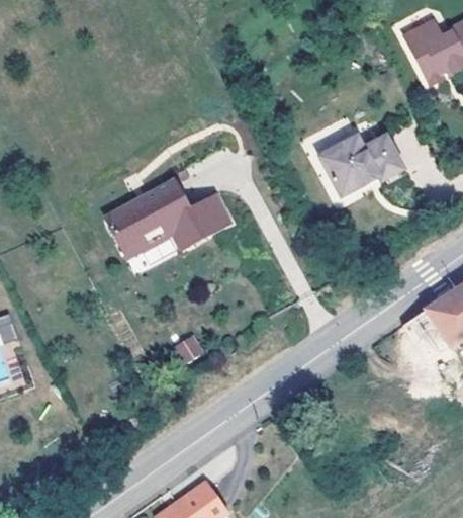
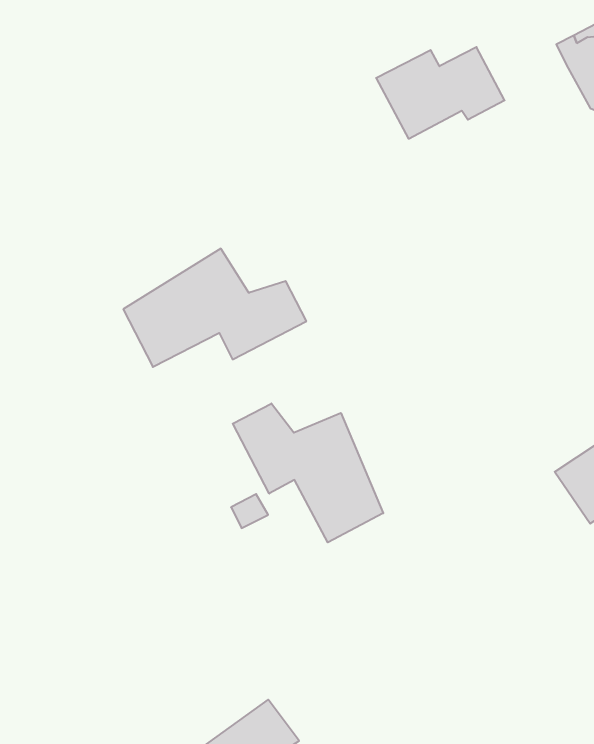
building: [328,131,415,193] -> [376,47,505,139]
building: none -> [233,403,383,542]

